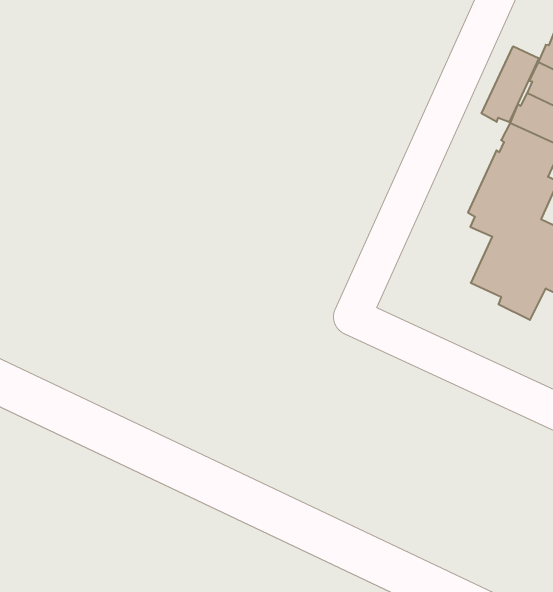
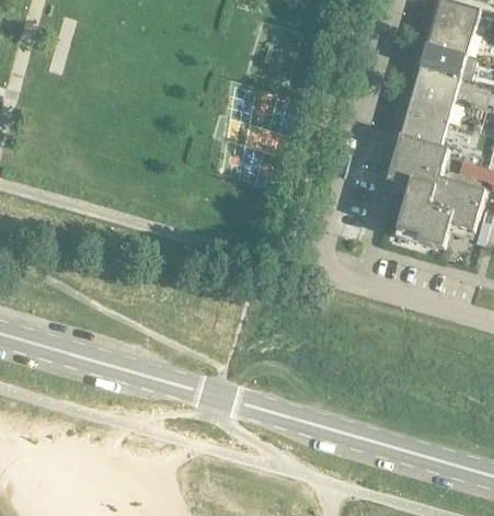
building: [482,46,539,122] -> none

